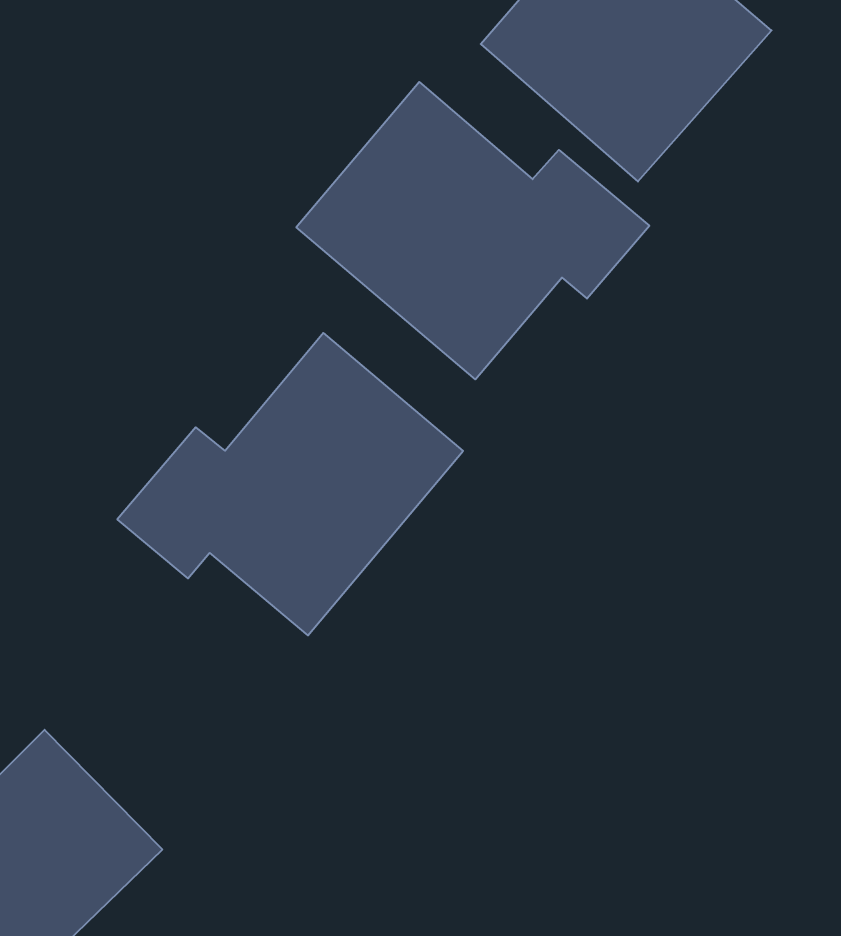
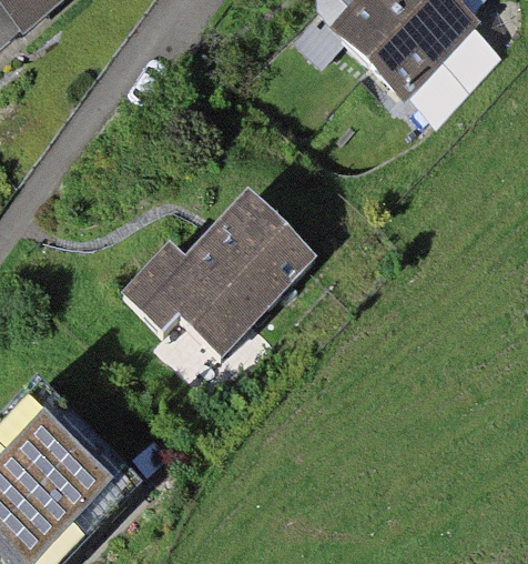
building: [296,82,649,379] -> none

